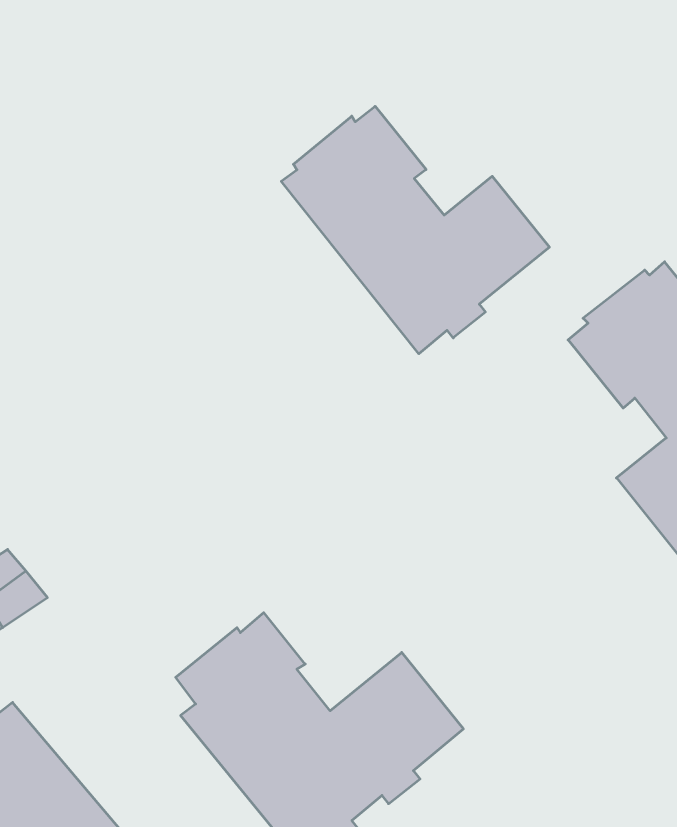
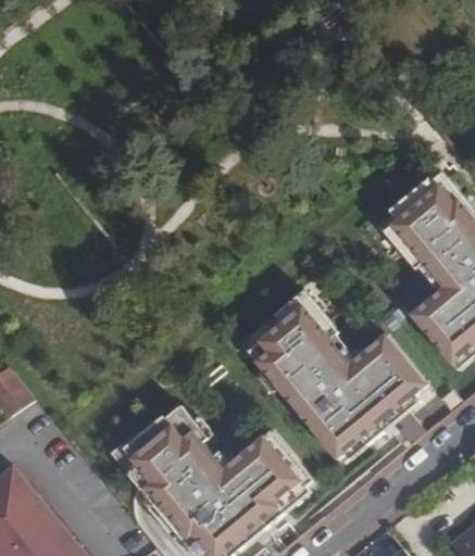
building: [281,106,549,354] -> none
building: none -> [239,293,425,463]

